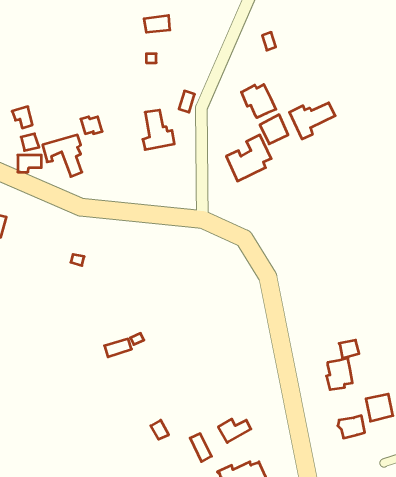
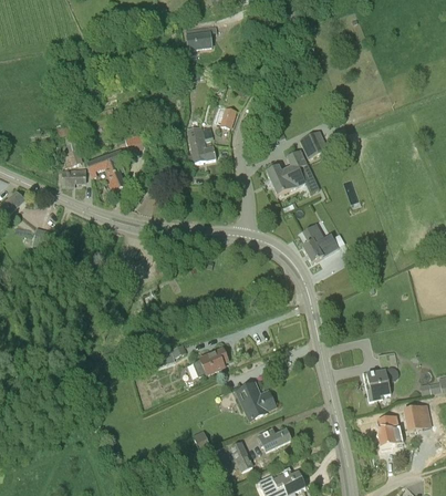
building: [241,84,276,118] -> none
building: [289,103,335,139] -> none
building: none -> [302,224,339,262]
building: none -> [193,348,228,376]
building: none -> [236,383,274,417]

